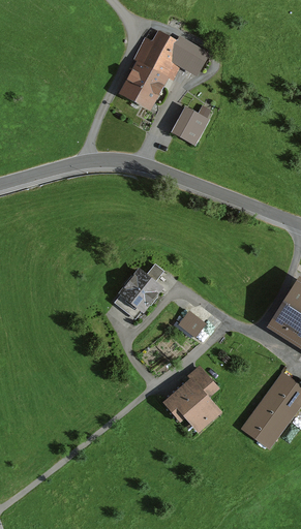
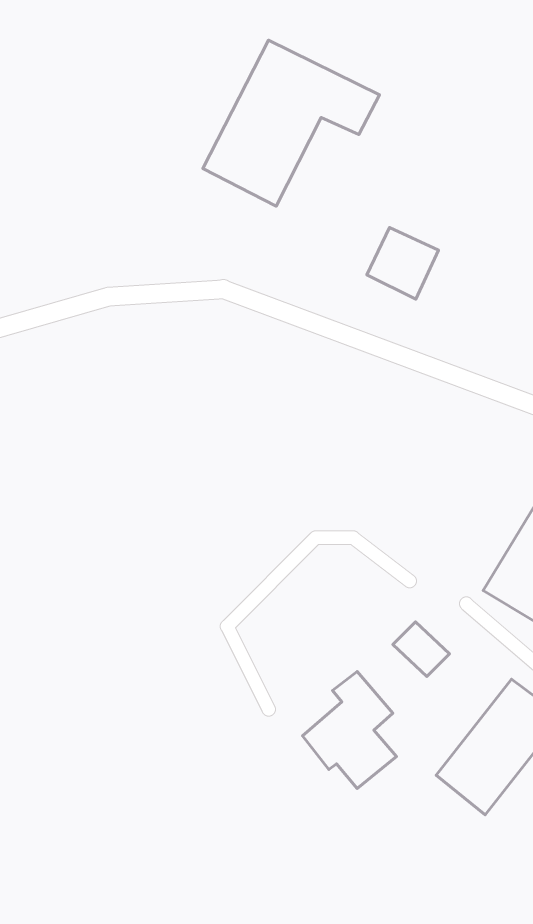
building: [170,104,209,144] -> [367,228,438,299]
building: [114,269,161,319] -> none
building: [178,310,209,340] -> [393,622,449,676]

